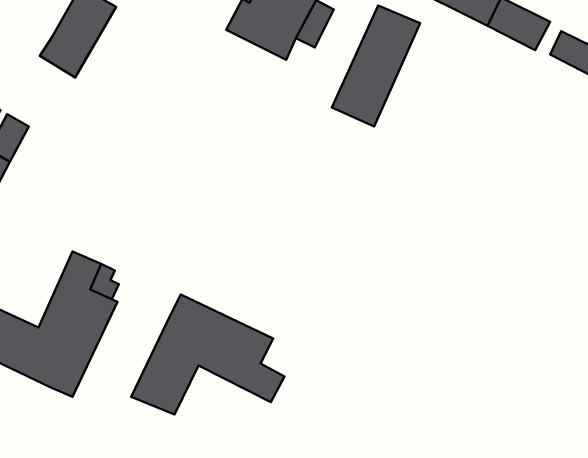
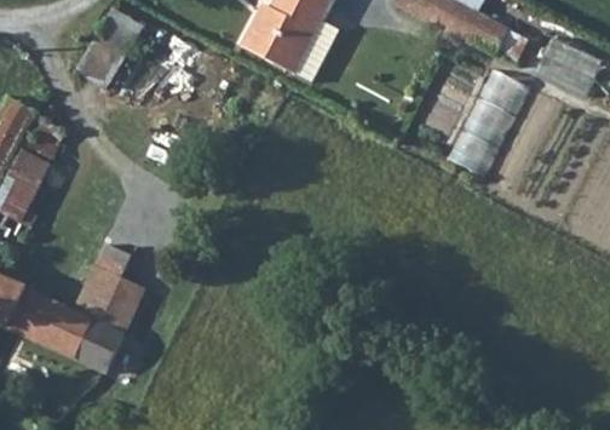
building: [332,6,420,127] -> [451,67,530,174]
building: [131,294,284,415] -> none

